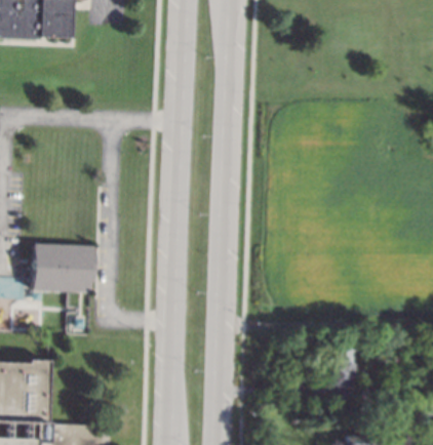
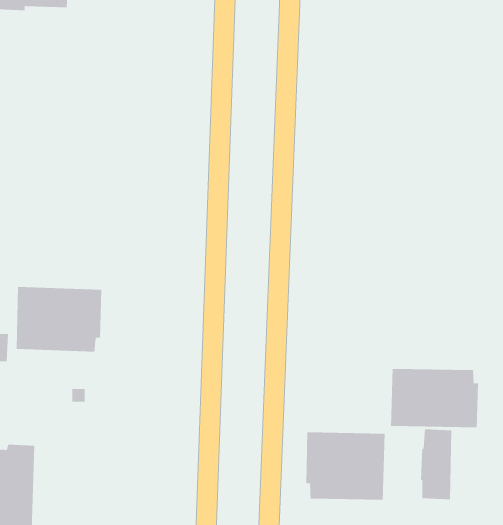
building: none -> [390,368,478,428]
building: none -> [306,431,385,500]

